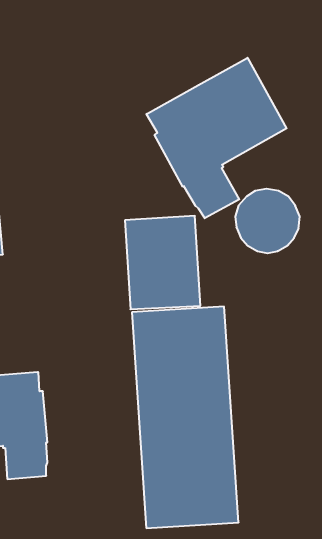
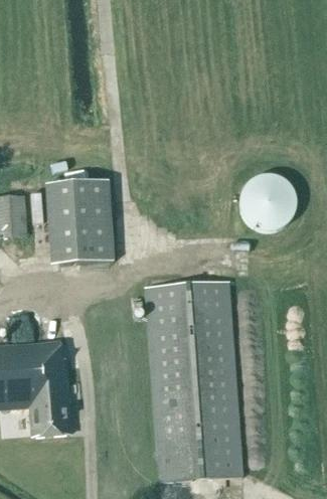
building: [146,58,287,218] -> none
building: [125,216,200,309] -> [45,179,114,264]

